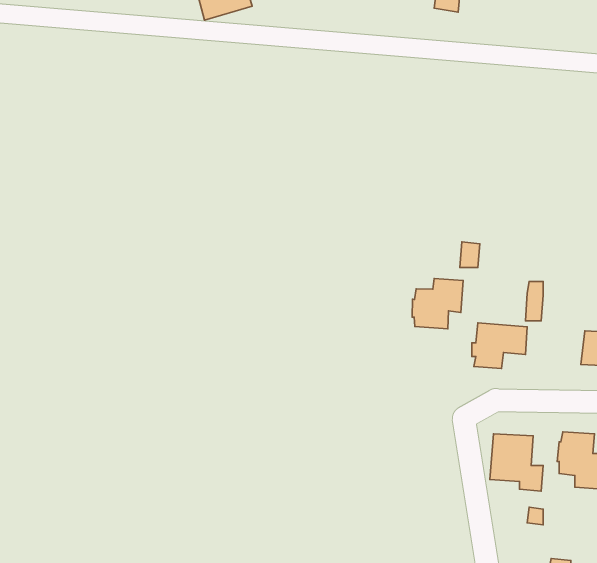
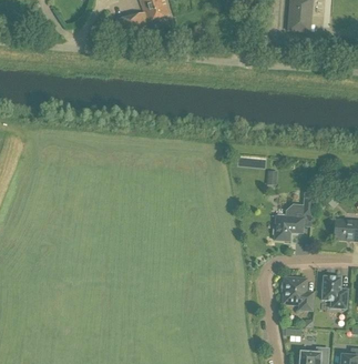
building: [412,279,463,329] -> none

